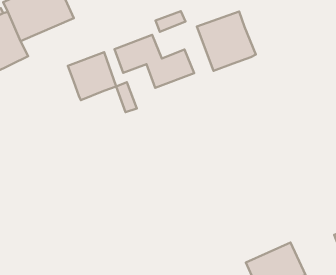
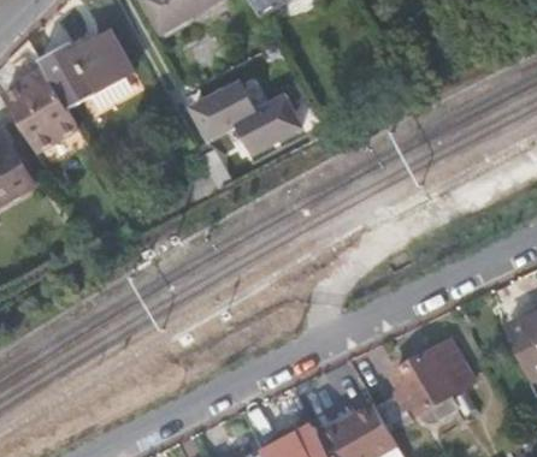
building: [197,11,256,71] -> none
building: [68,52,116,100] -> none

